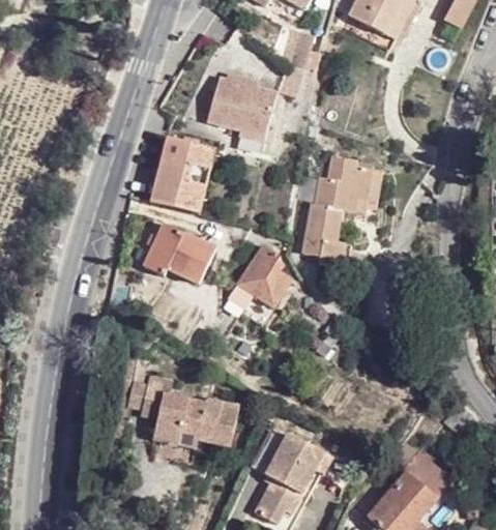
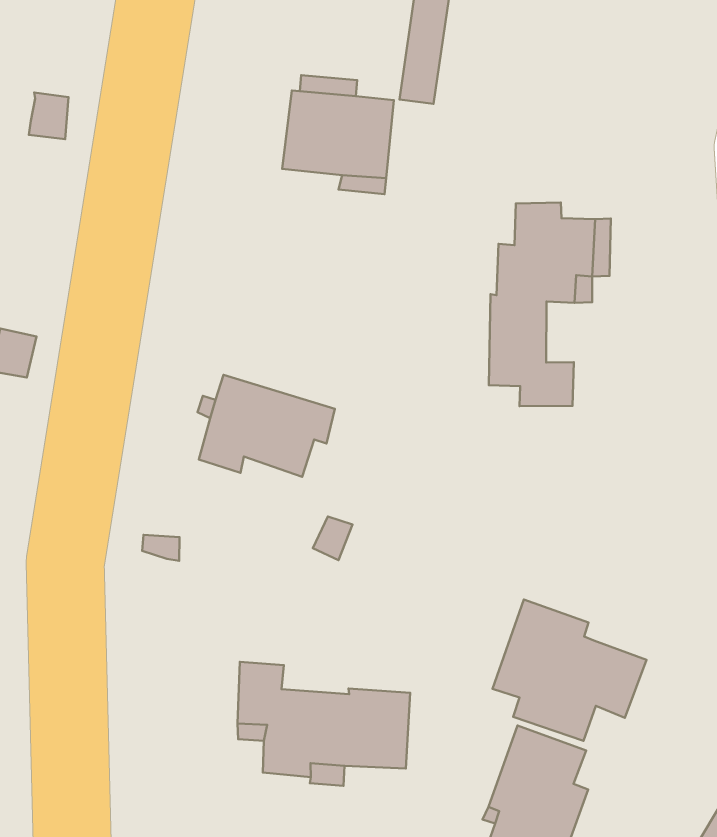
building: [149,137,213,214] -> none
building: [227,247,293,312] -> none
building: none -> [492,600,647,741]

